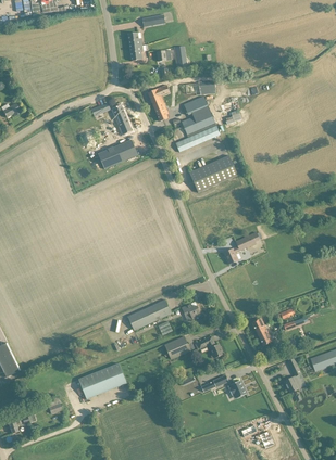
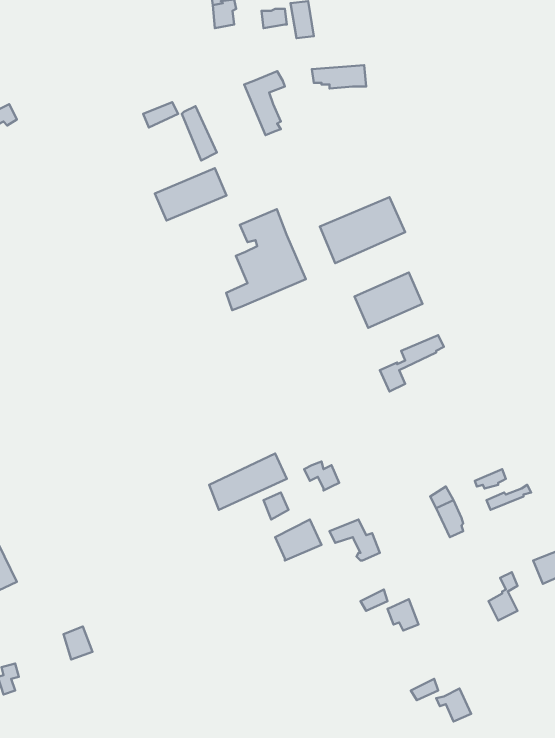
building: [175,95,220,152] -> [226,209,306,310]
building: none -> [355,273,422,328]
building: [78,362,126,398] -> none

